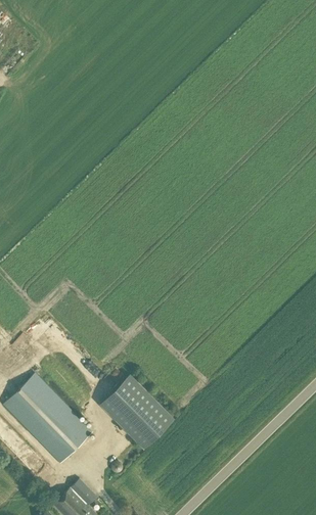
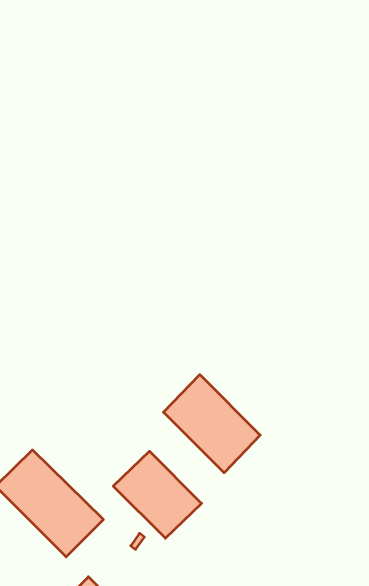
building: none -> [163,375,260,473]

